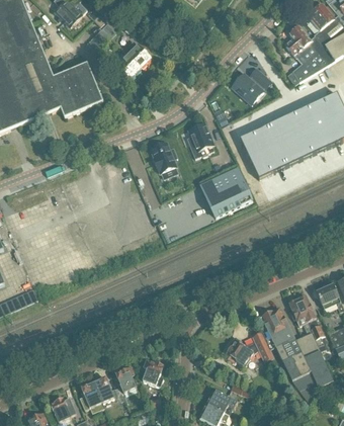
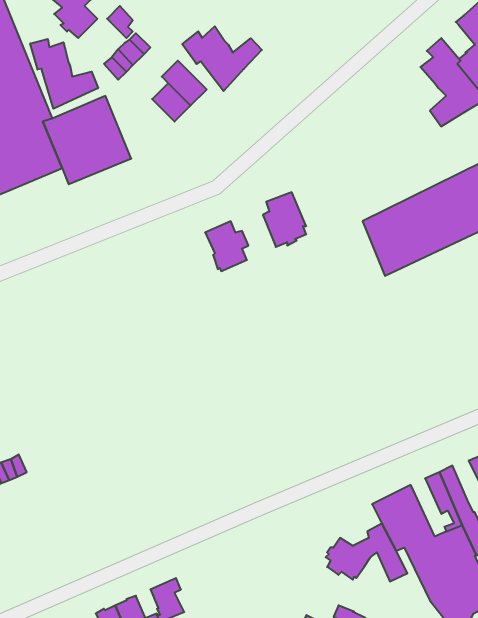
building: none -> [182,26,262,91]
building: none -> [30,39,98,109]
building: [232,68,271,98] -> none
building: [200,166,252,217] -> none
building: [138,359,163,386] -> none

